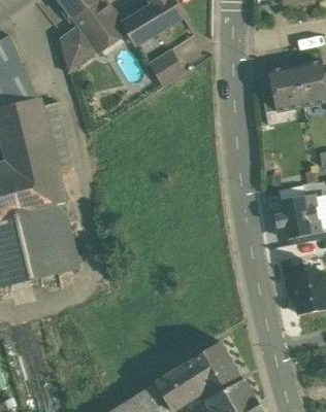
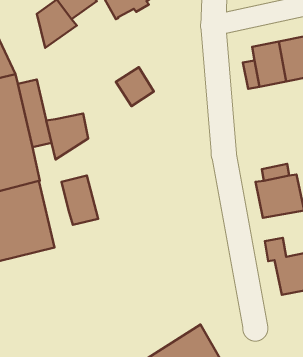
building: [149,48,186,87] -> [116,67,154,106]
building: none -> [46,113,88,159]
building: none -> [62,176,98,225]

